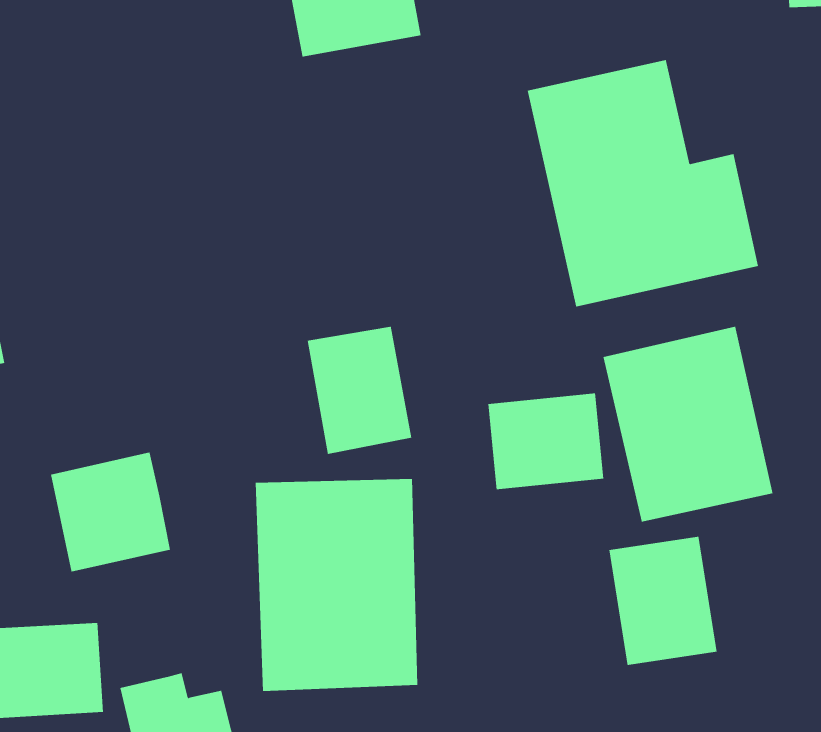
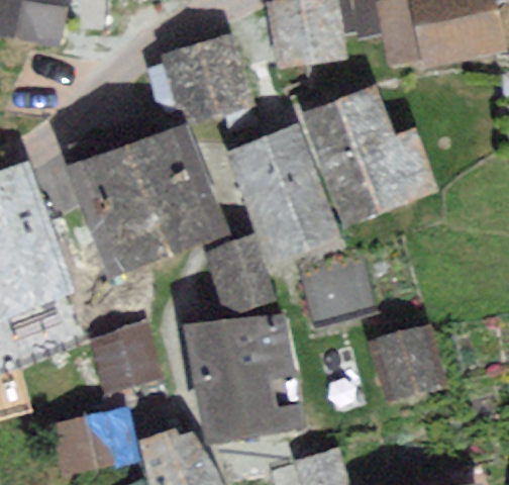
building: none -> [75,130,217,268]
building: none -> [230,133,331,260]
building: [603,326,773,523] -> none

